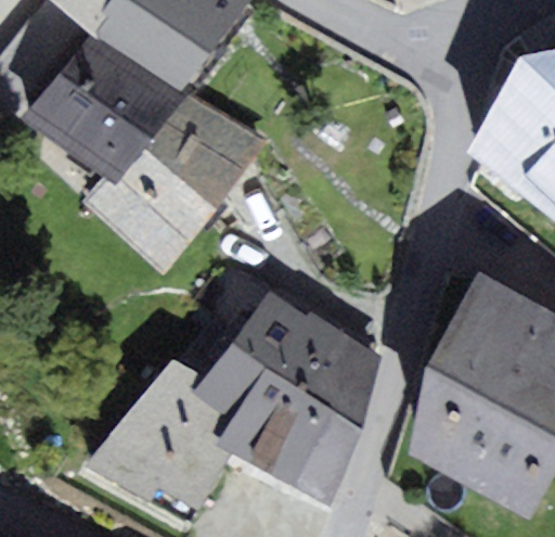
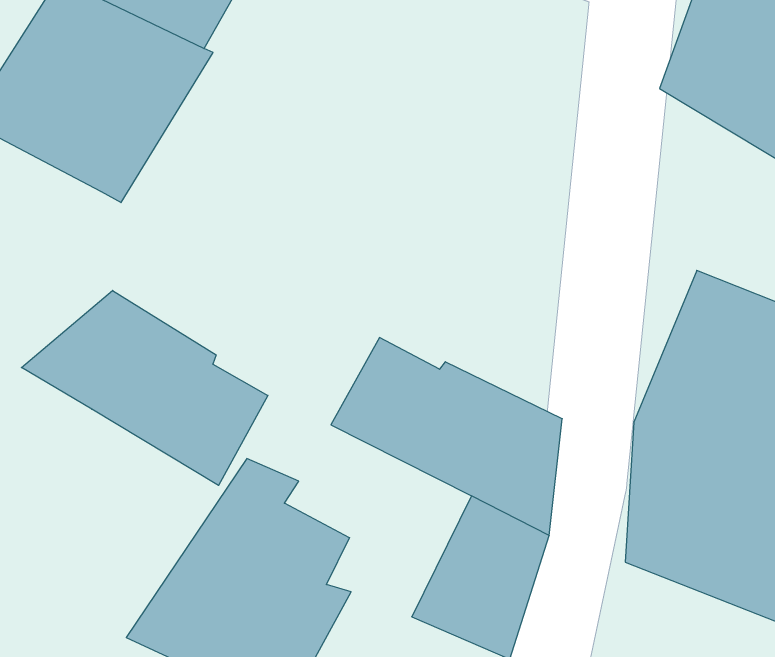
building: [83,91,268,272] -> none
building: none -> [21,290,268,485]
building: [197,342,318,471] -> none

